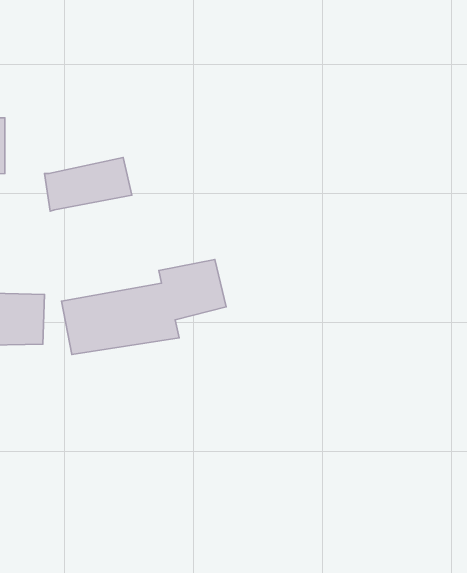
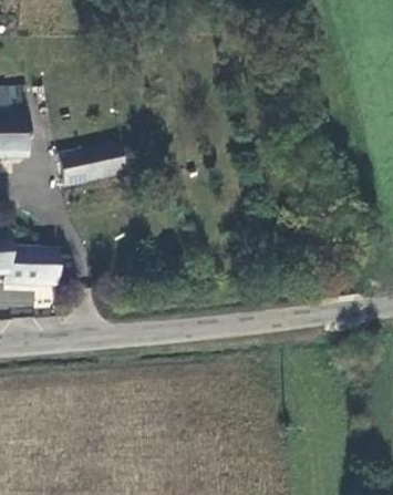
building: [61,260,226,355] -> none

